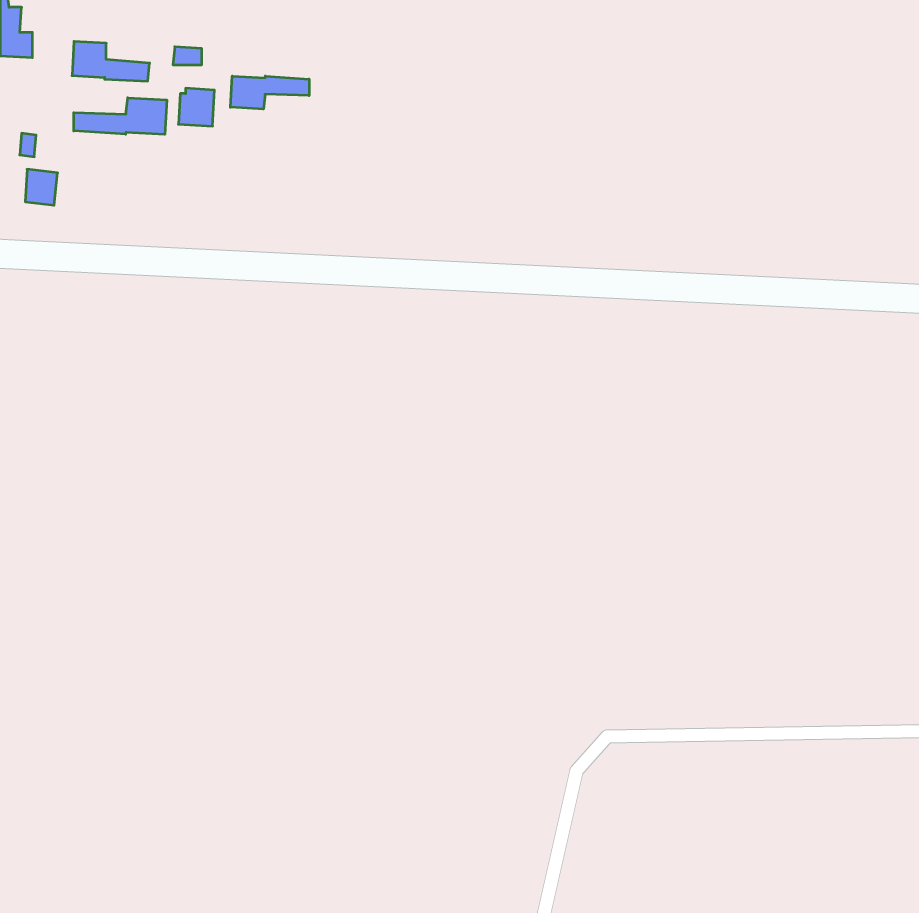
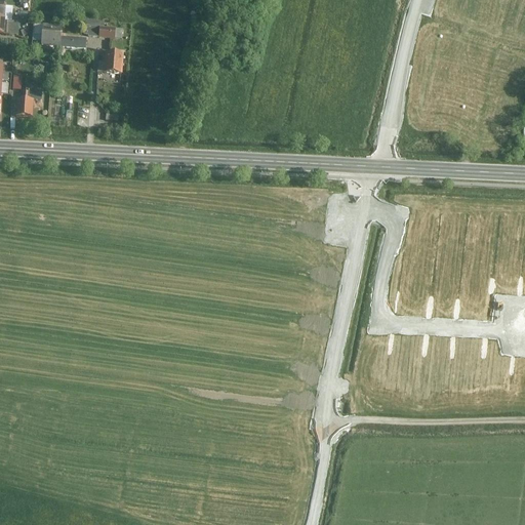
building: [230,76,309,109] -> none
building: [74,98,167,134] -> none

